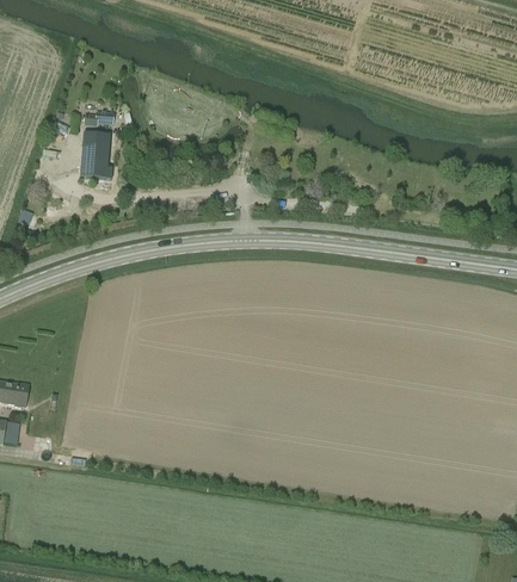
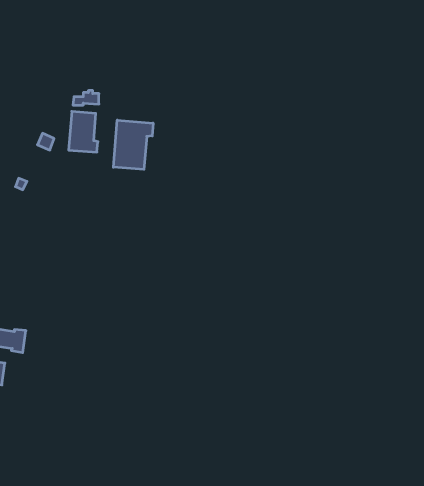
building: none -> [113,120,153,169]

